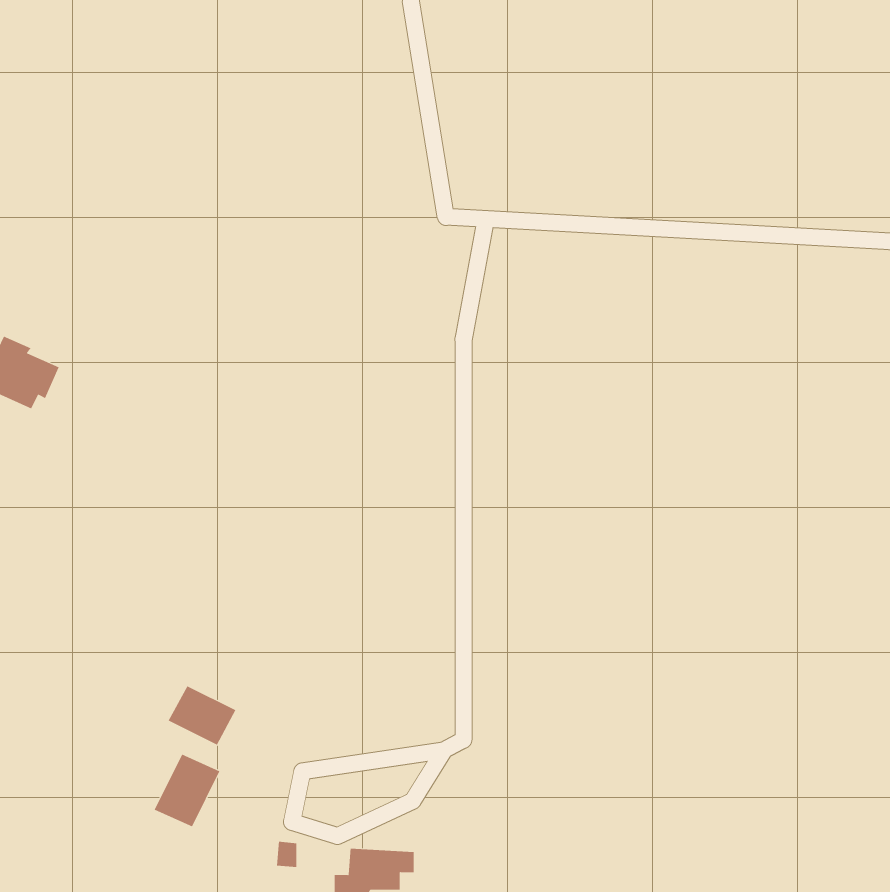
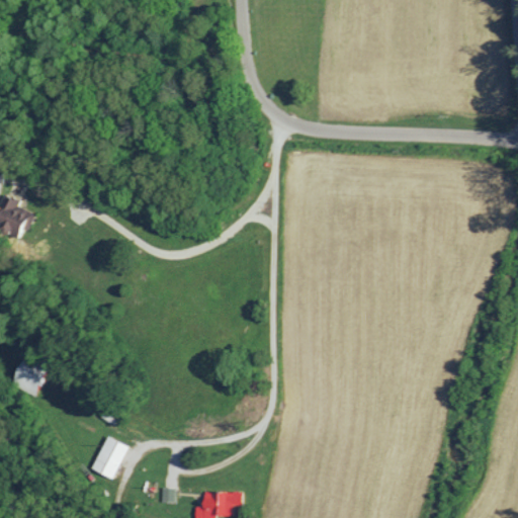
building: none -> [12,360,49,395]
building: [168,685,236,745] -> none

